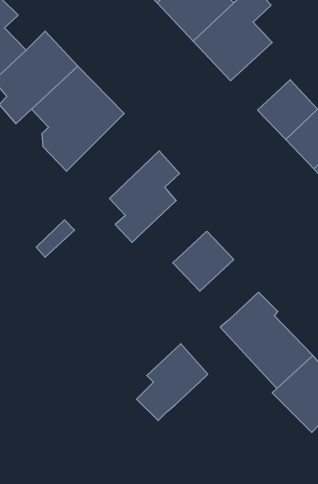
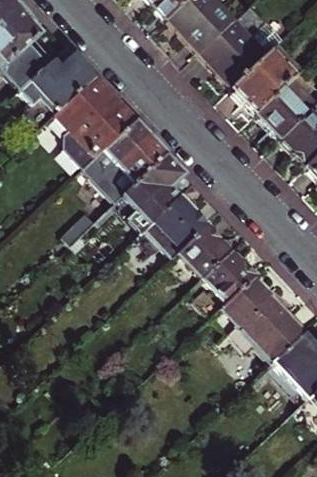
building: none -> [229,42,302,113]
building: none -> [80,116,166,201]
building: none -> [147,193,208,253]
building: [137,344,208,421] -> [193,245,256,313]

